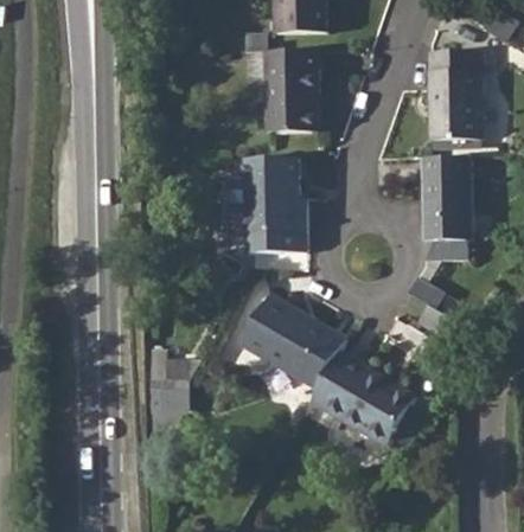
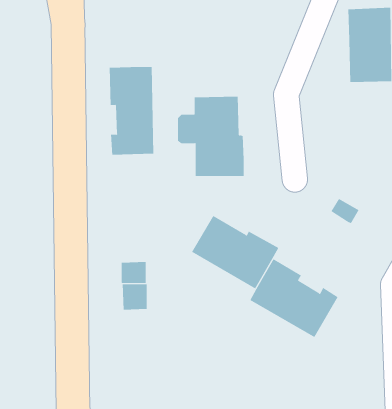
building: [266,49,315,130] -> none
building: none -> [109,66,154,155]
building: [421,155,473,257] -> none

